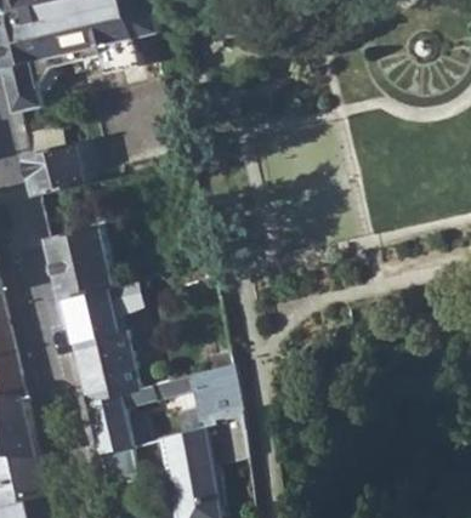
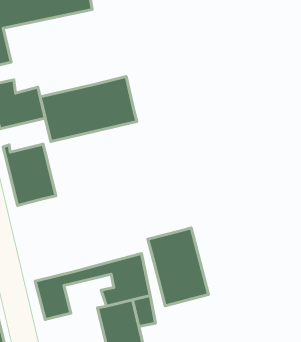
building: none -> [40,77,137,142]
building: [58,291,136,404] -> none
building: none -> [148,228,208,306]

